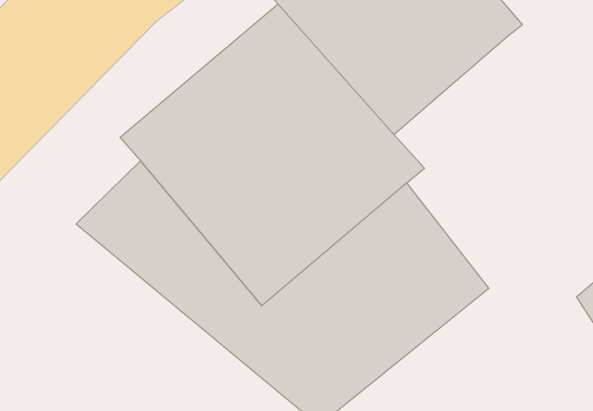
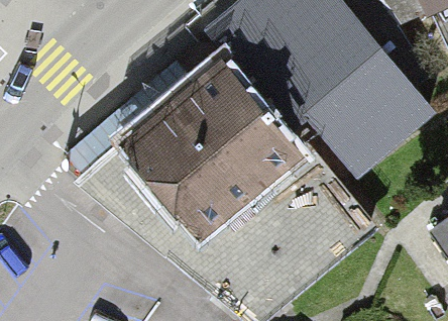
building: none -> [308,57,436,181]

